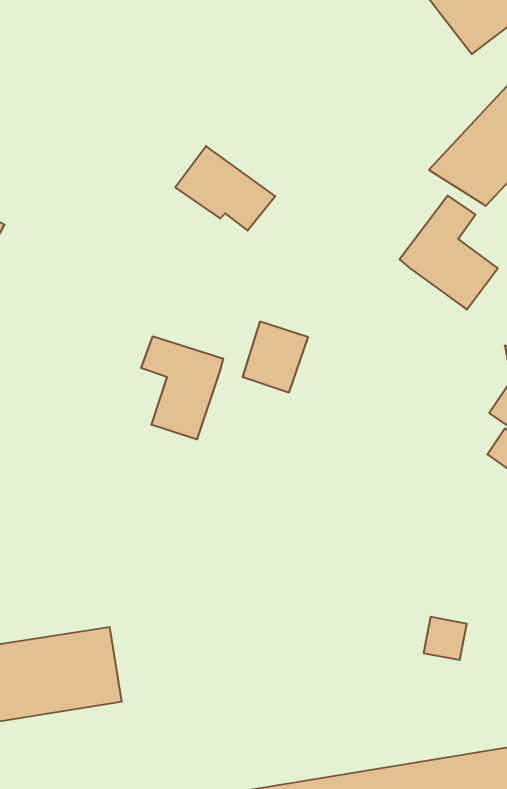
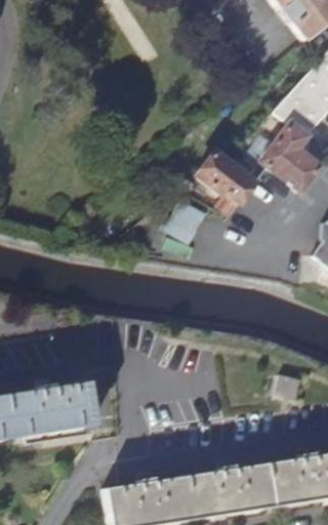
building: [175,146,275,231] -> [196,153,255,203]
building: [141,336,223,440] -> none

